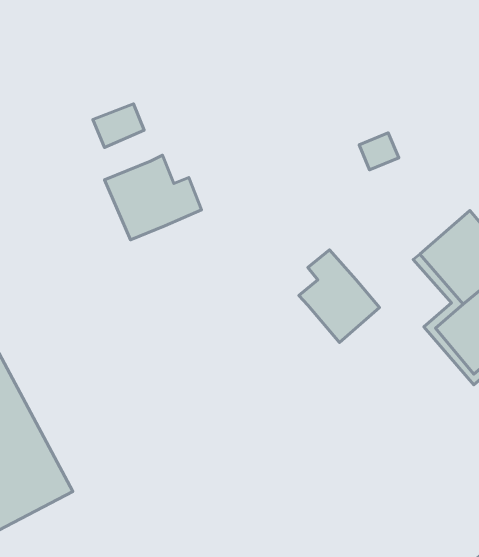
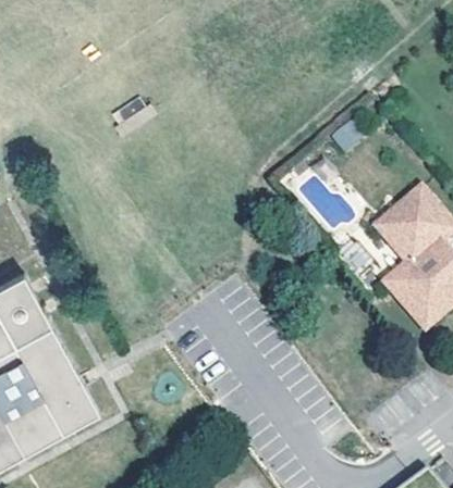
building: [105,155,202,240] -> none
building: [299,250,380,343] -> none

